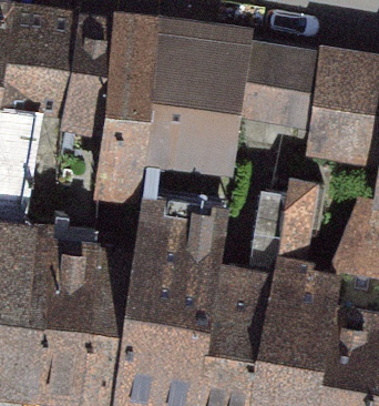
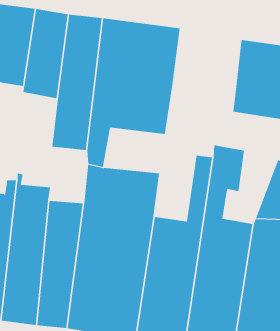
building: [242,45,321,124] -> none

